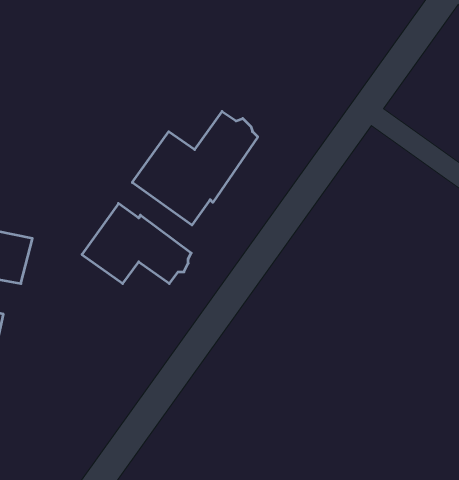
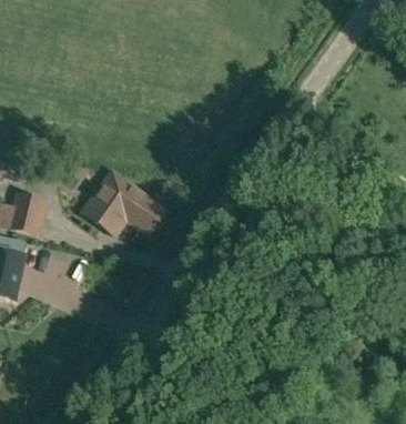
building: [132,111,258,225] -> none

